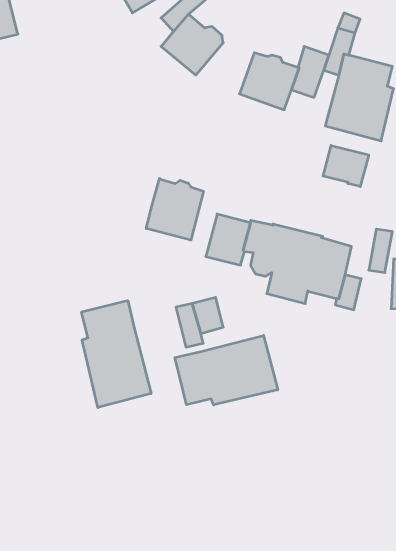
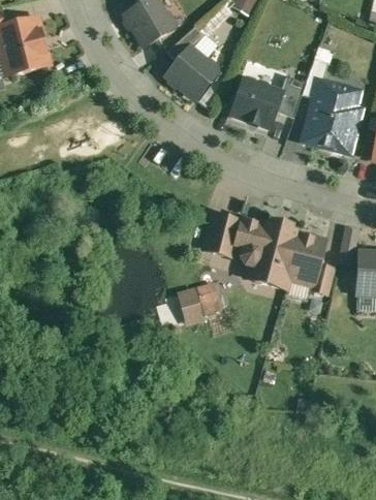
building: [323,145,369,187] -> none
building: [146,178,203,240] -> none
building: [82,301,151,408] -> none
building: [175,335,278,405] -> none

